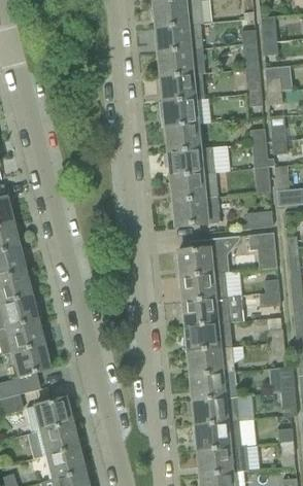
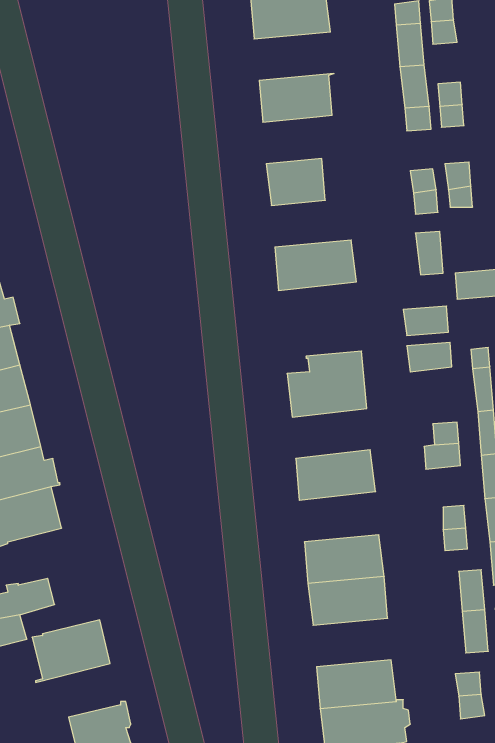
building: [158,48,205,77] -> none
building: [159,99,198,127] -> none
building: [168,147,215,176] -> none
building: [172,197,221,227] -> none
building: [180,272,227,302] -> none
building: [184,321,232,351] -> none
building: [11,343,49,377] -> none
building: [193,396,239,425] -> none
building: [28,423,78,458] -> none

